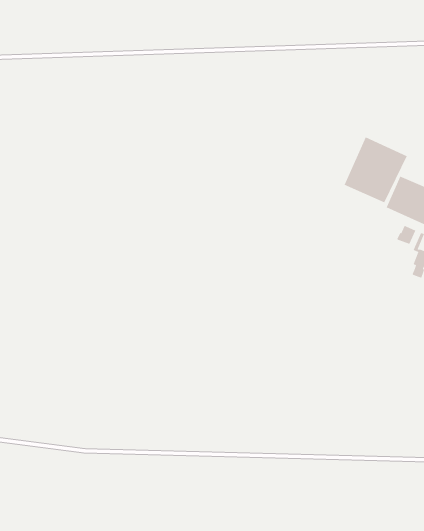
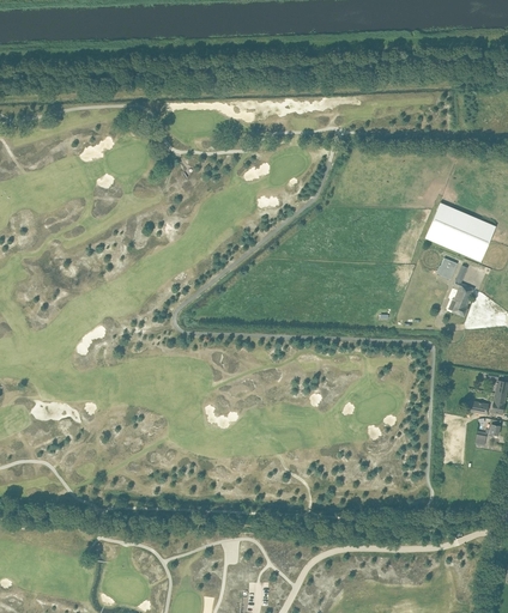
building: [344,137,407,203] -> none

